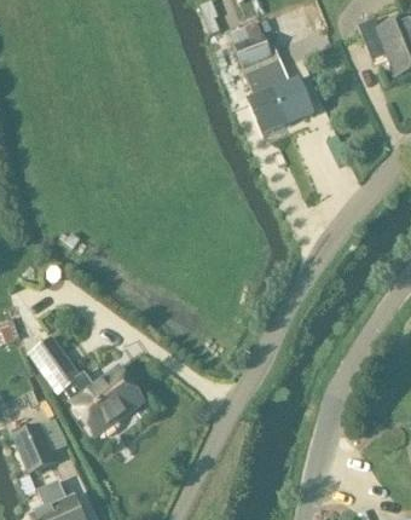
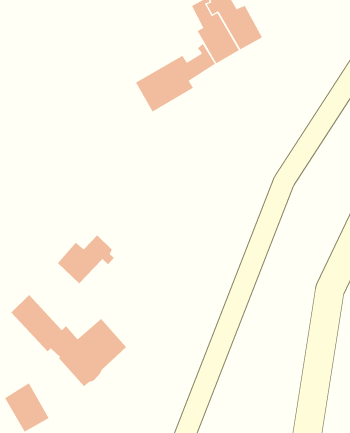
building: none -> [135,43,216,113]
building: none -> [57,234,115,284]

